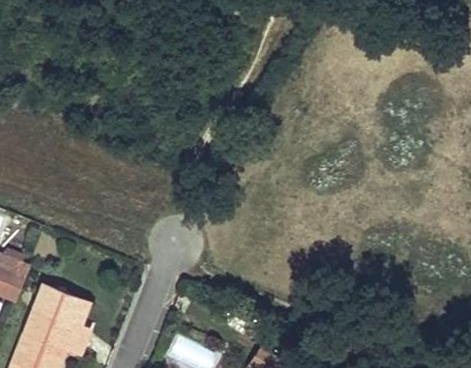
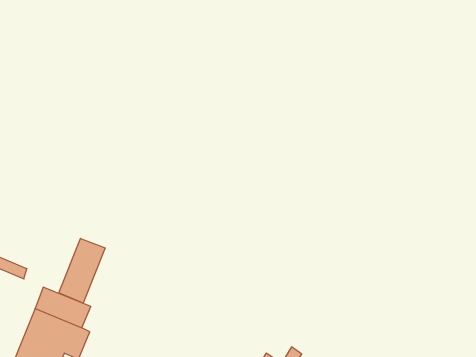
building: none -> [59,238,105,303]

